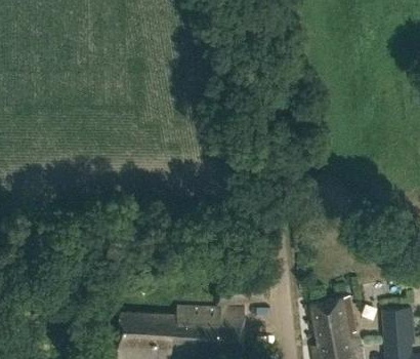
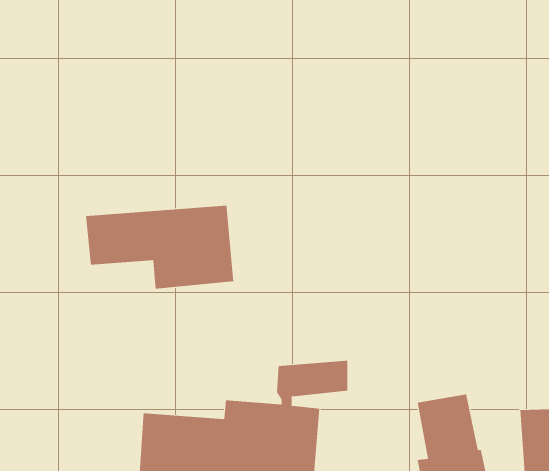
building: none -> [85,205,234,289]

